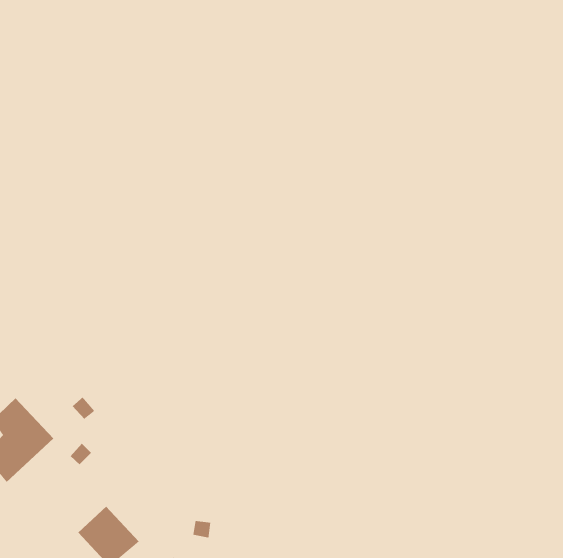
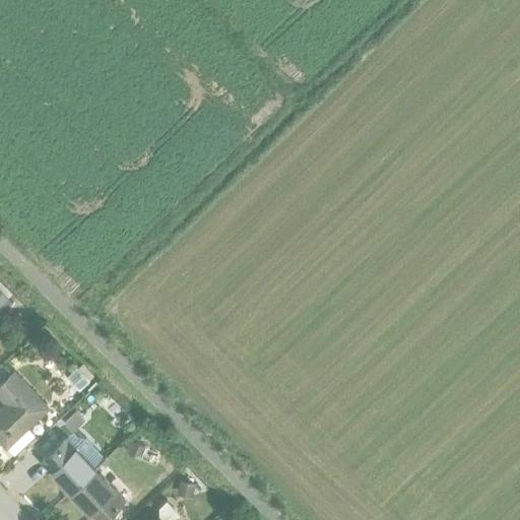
building: none -> [41,439,98,496]

